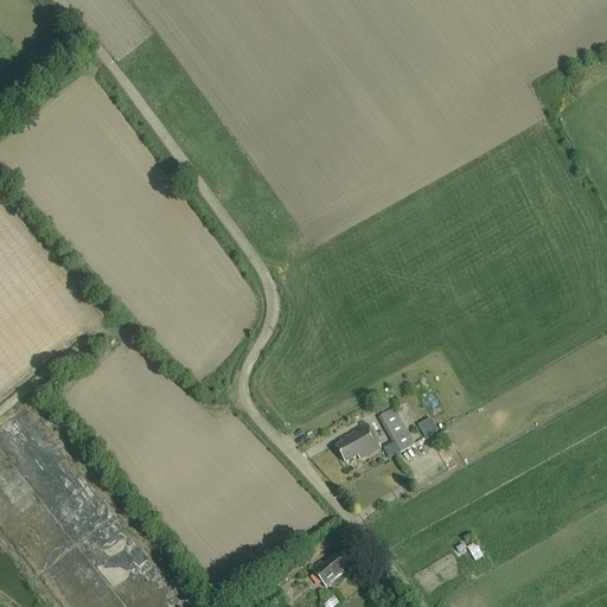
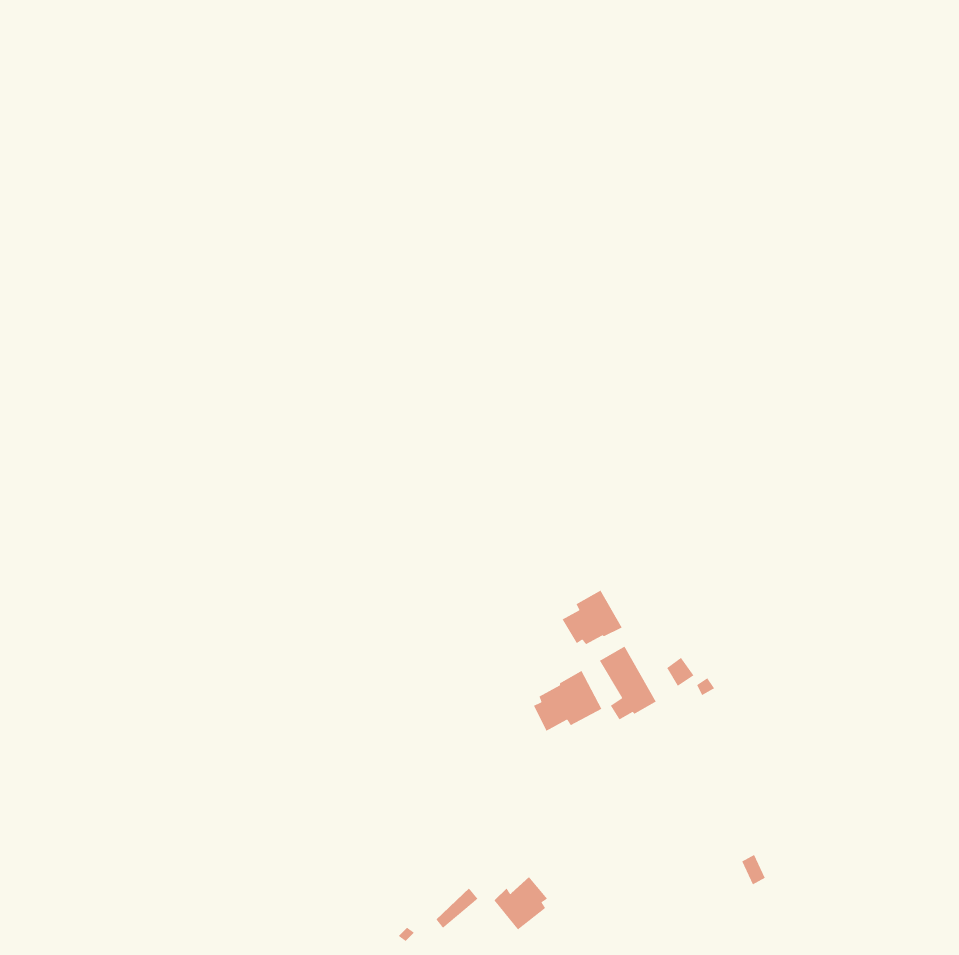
building: none -> [562,589,623,645]

